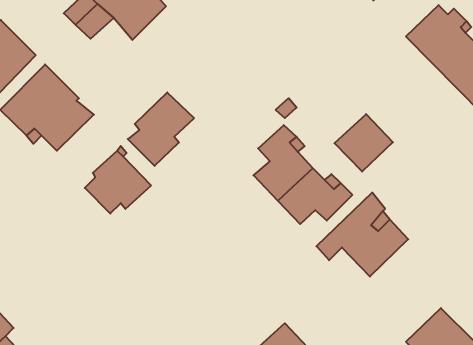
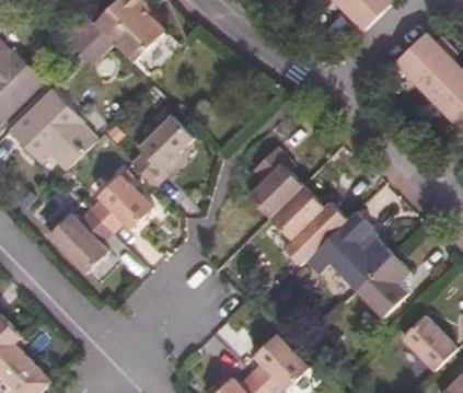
building: [334,114,393,172] -> none
building: none -> [49,207,114,269]
building: none -> [358,255,413,319]

